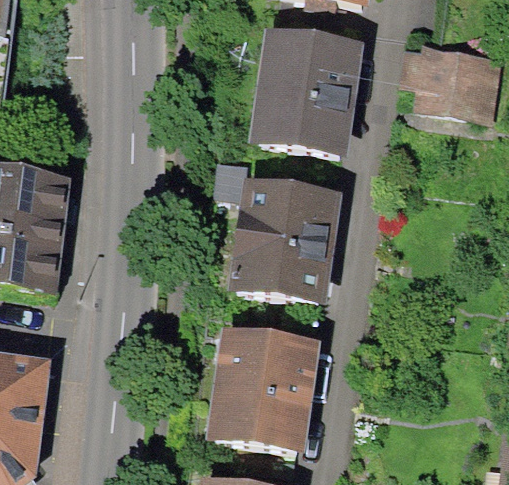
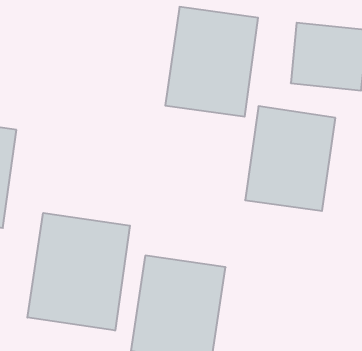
building: [231,176,339,301] -> [245,106,335,211]
building: none -> [27,213,130,331]

